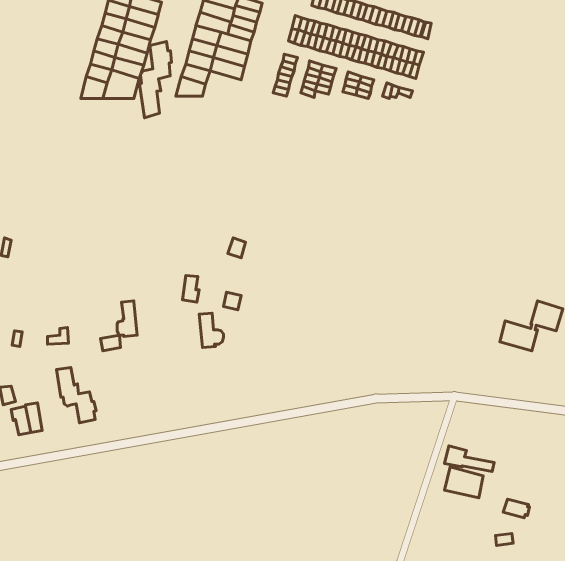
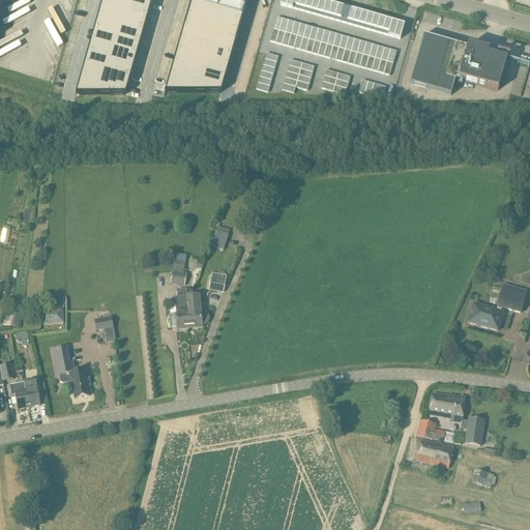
building: none -> [410,33,506,92]
building: [139,41,171,118] -> none
building: none -> [189,66,226,90]
building: [117,301,137,336] -> [171,293,189,326]
building: none -> [430,390,483,443]

